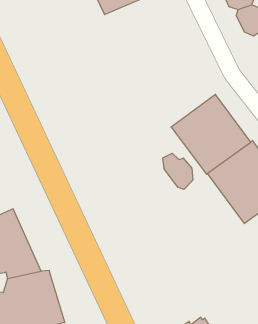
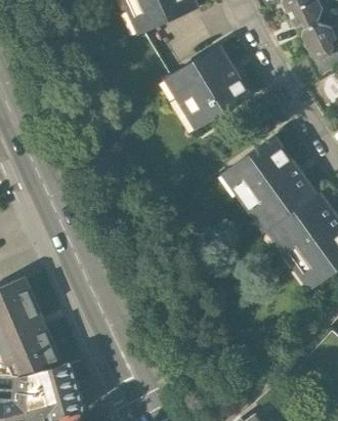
building: none -> [163,44,252,131]
building: [163,153,193,189] -> none

